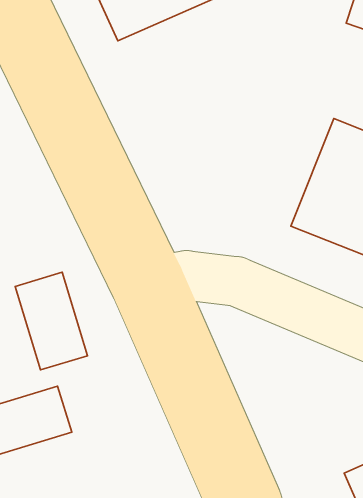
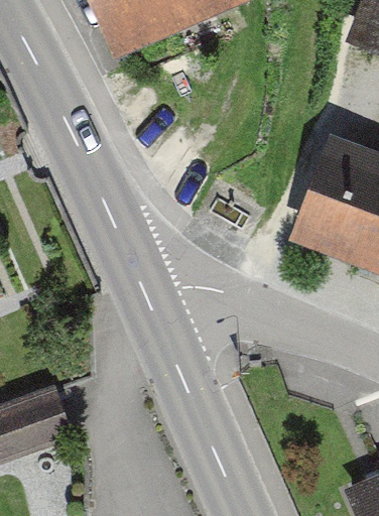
building: [15,272,87,370] -> none

